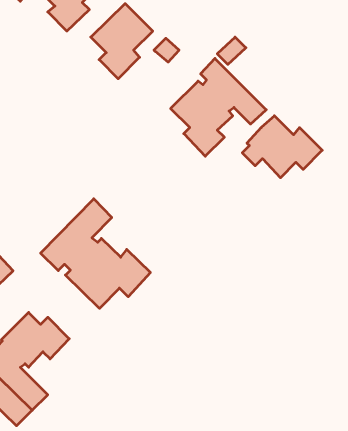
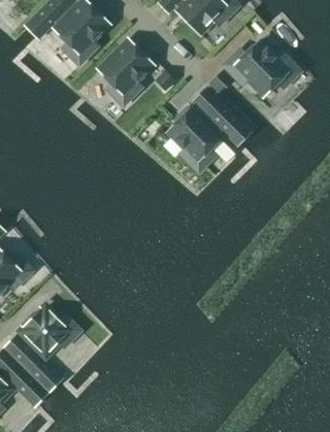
building: [242,116,322,178] -> [231,40,300,94]
building: [41,199,150,308] -> none

